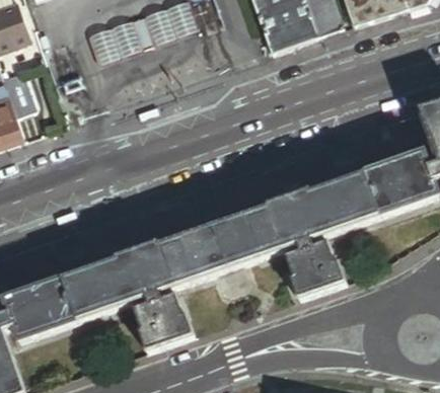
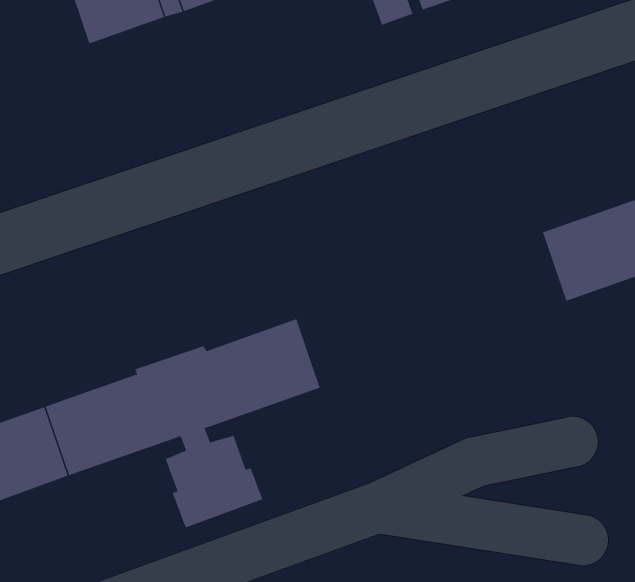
building: [220,174,381,299] -> none

